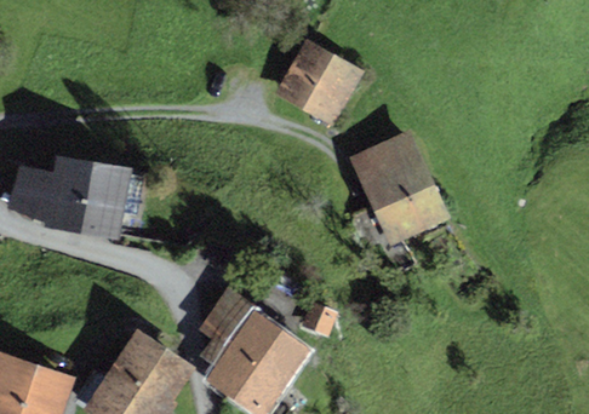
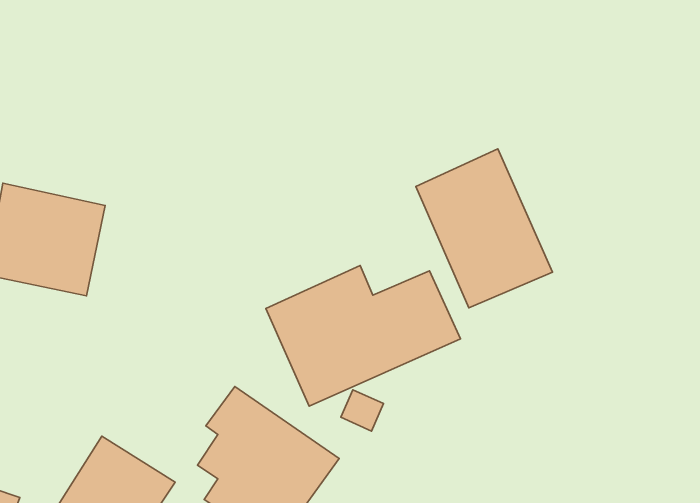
building: [278,41,366,128] -> none
building: none -> [266,265,460,406]

